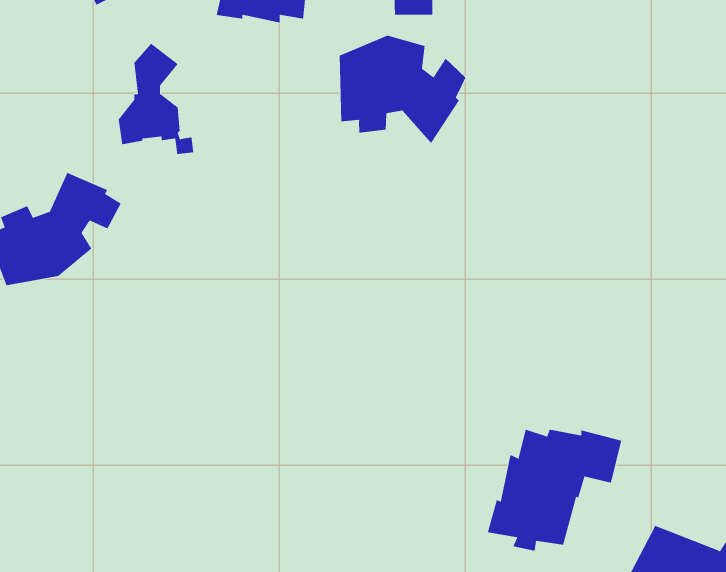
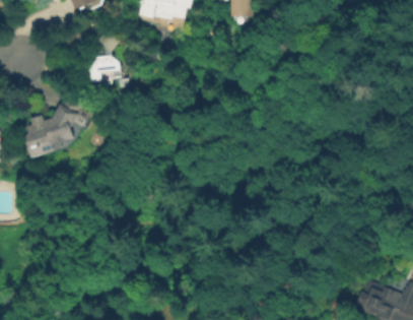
building: [339,35,466,144] -> none
building: [487,429,622,551] -> none

